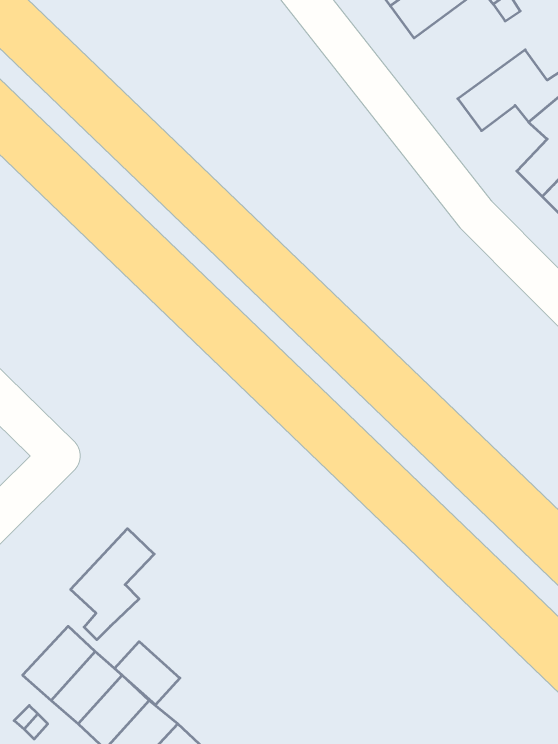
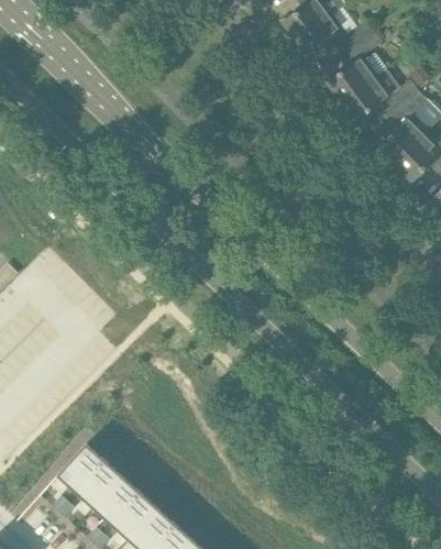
building: none -> [328,55,385,100]
building: [71,529,154,640] -> none
building: [115,642,180,705] -> none

